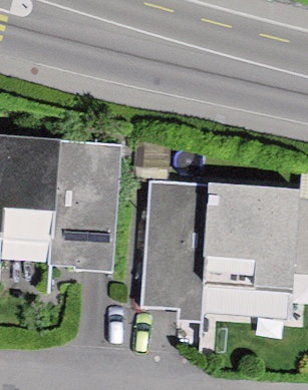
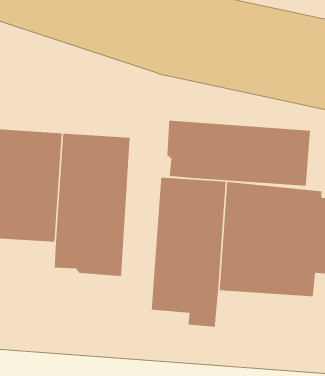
building: none -> [167,120,311,187]

